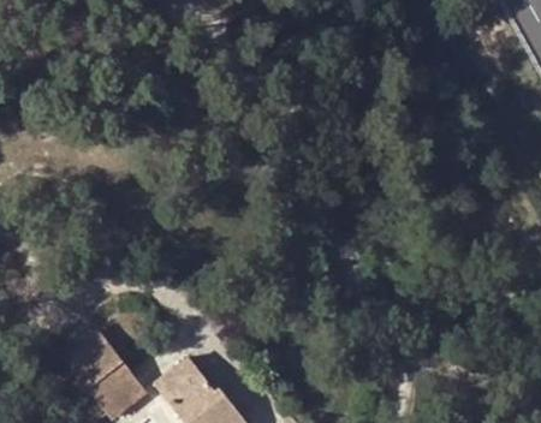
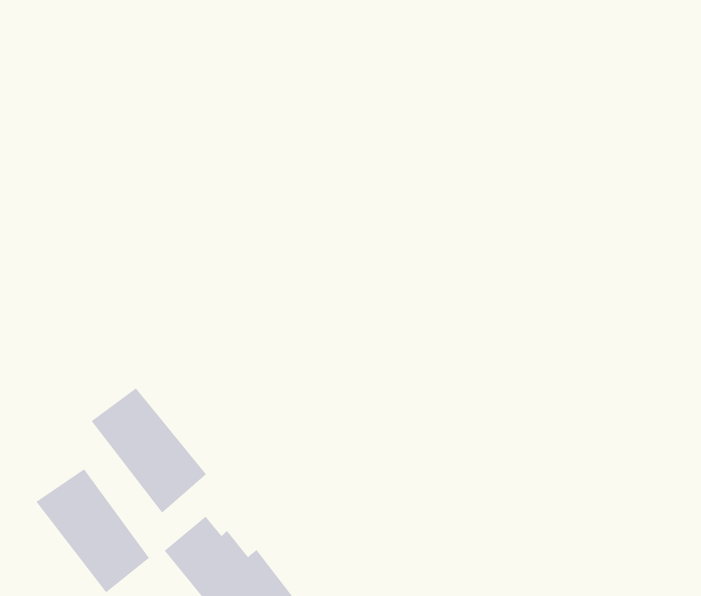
building: none -> [91,388,207,513]

